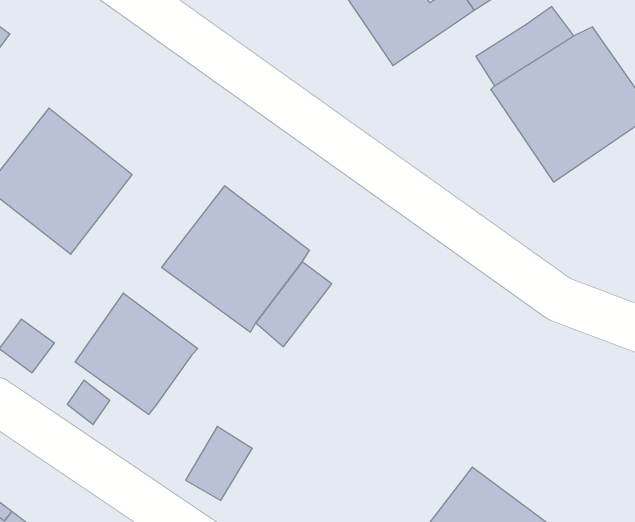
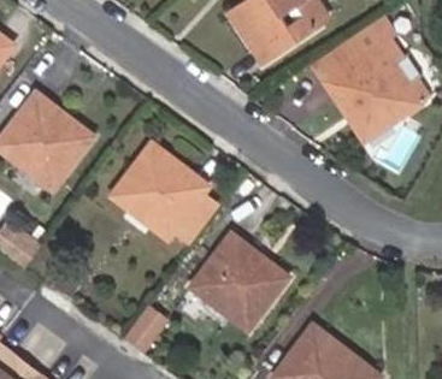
building: [75,293,198,414] -> none
building: none -> [191,233,290,331]

